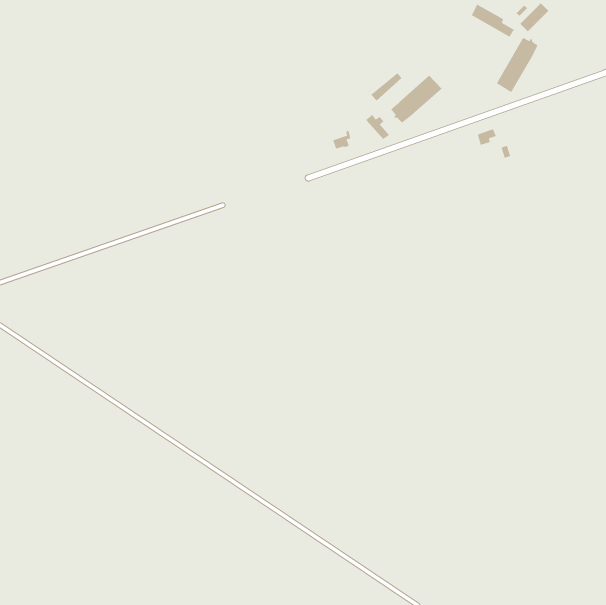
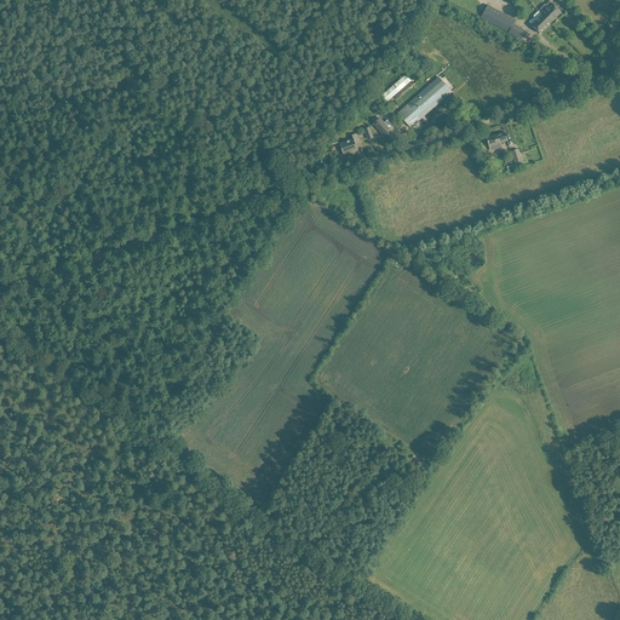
building: [496,37,538,93] -> none

